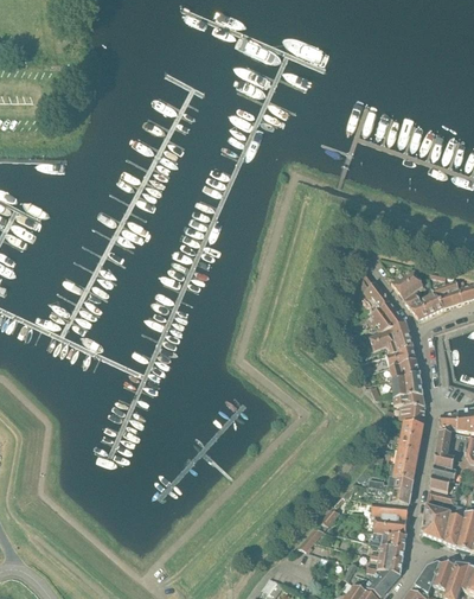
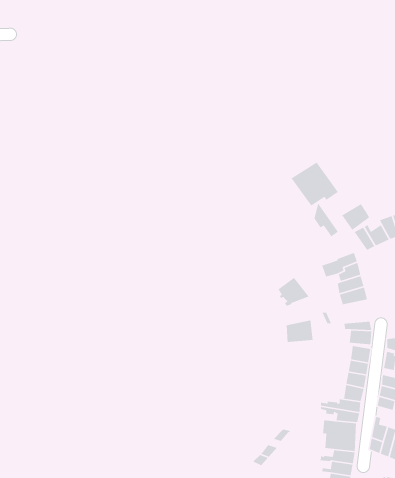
building: none -> [291,162,339,206]
building: [370,302,404,334] -> [278,277,310,307]
building: [391,375,421,400] -> [286,319,313,343]

